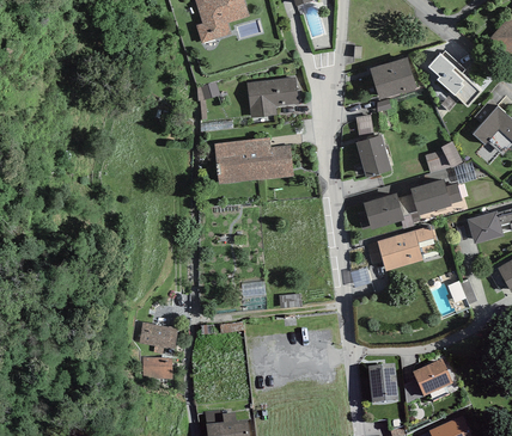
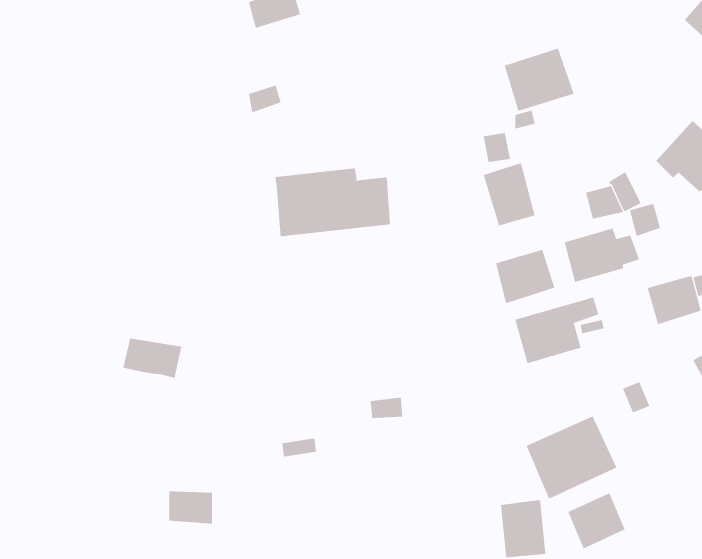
building: [428,53,482,106] -> none
building: [246,76,299,117] -> none
building: none -> [526,415,617,499]
building: [138,321,178,349] -> [122,338,182,378]

